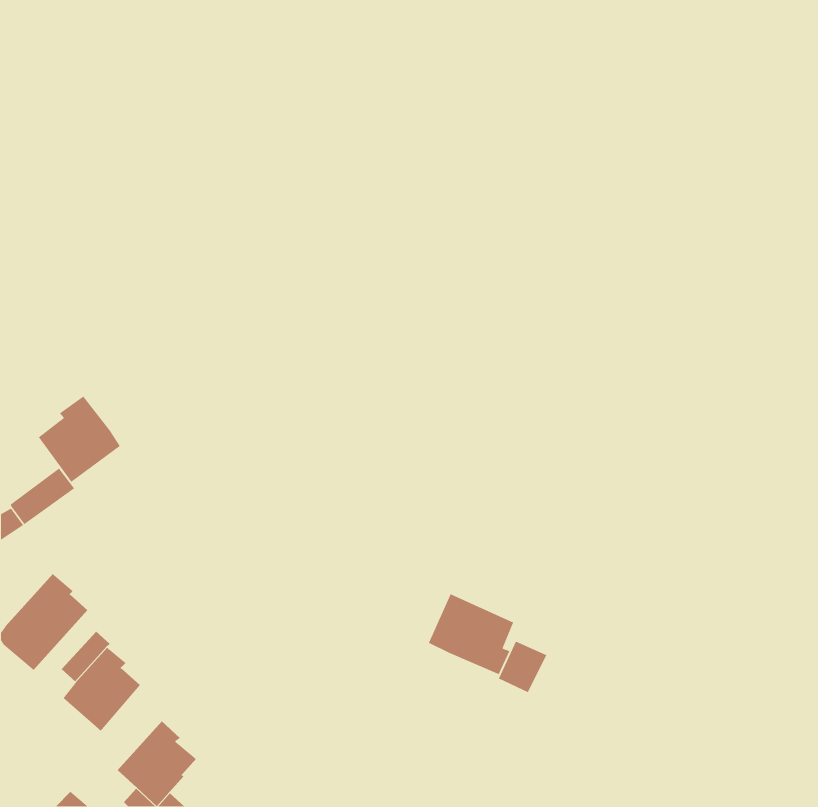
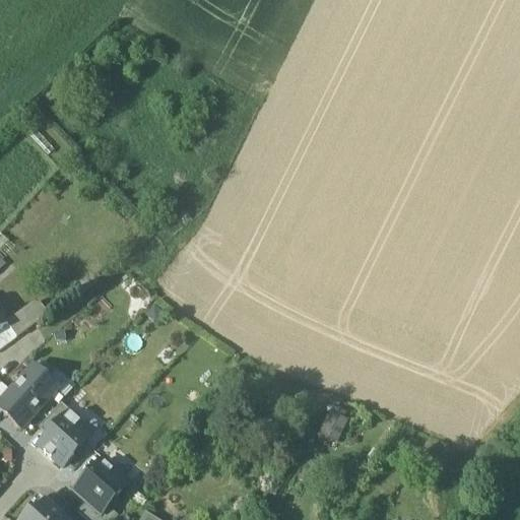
building: [38,396,121,483] -> none
building: [428,593,514,675] -> none

